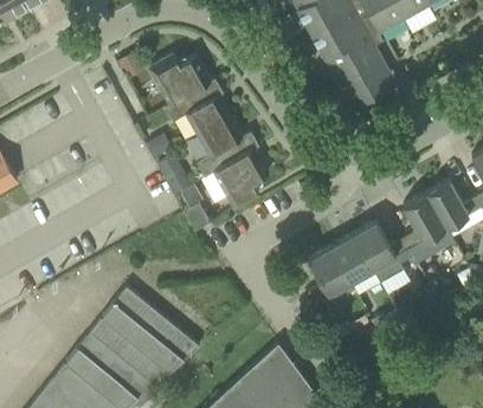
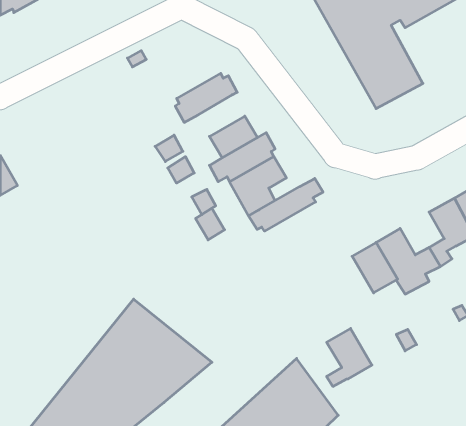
building: [149,54,208,99] -> none
building: [187,96,231,135] -> none
building: none -> [249,178,323,231]
building: [309,247,352,302] -> [327,328,372,386]

